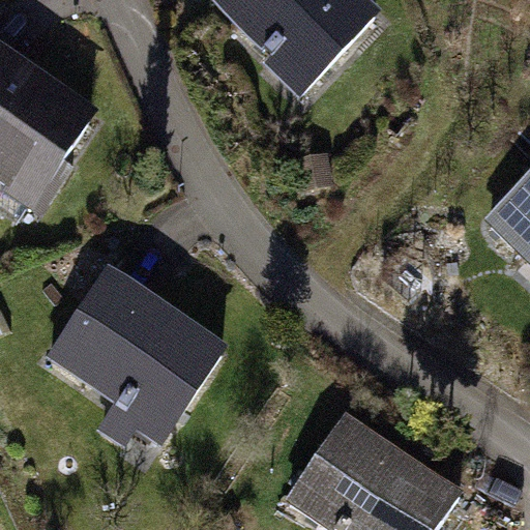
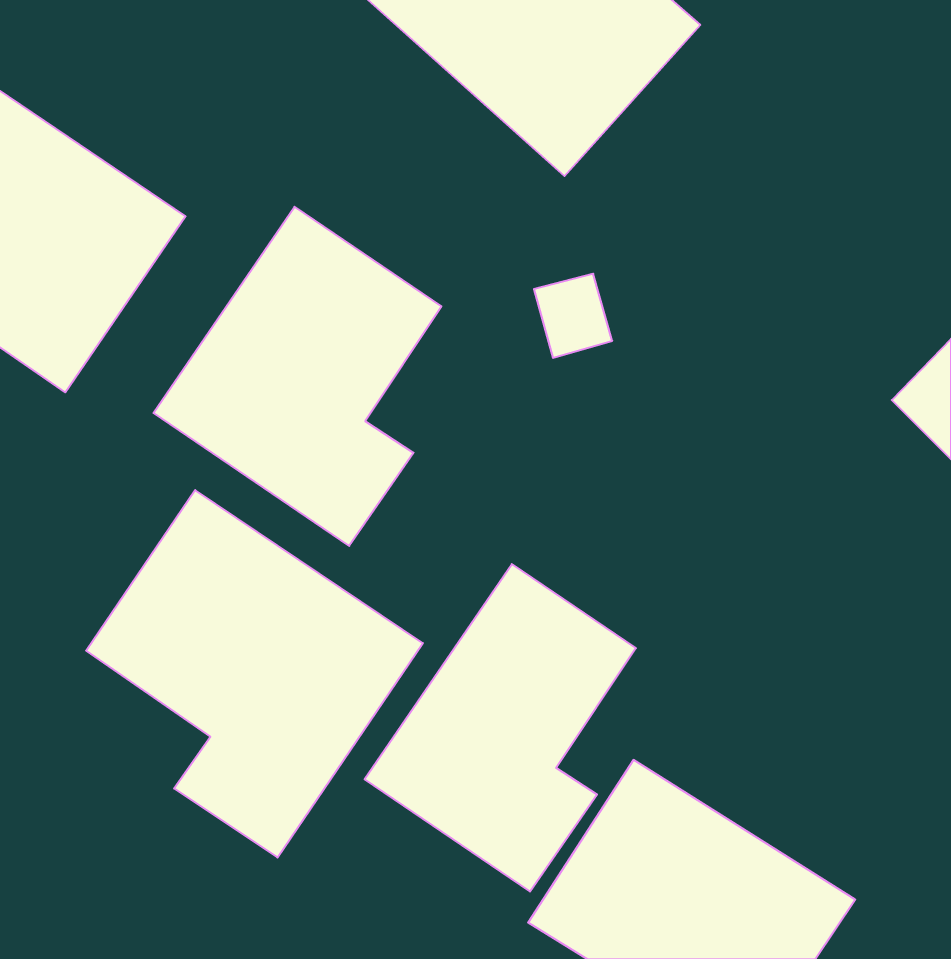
building: none -> [153,207,441,546]
building: none -> [365,564,636,892]

